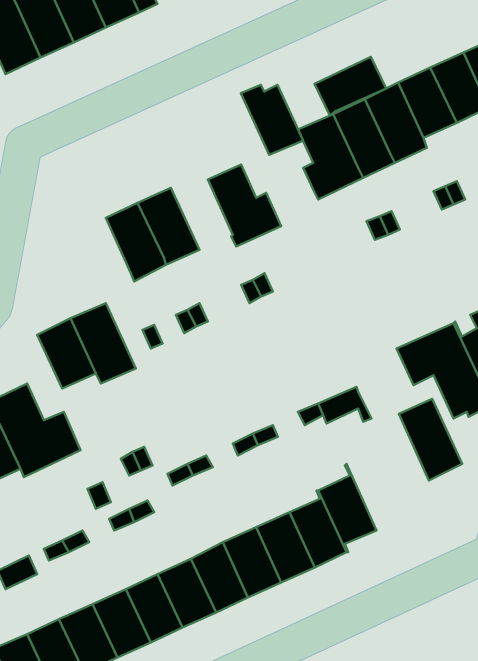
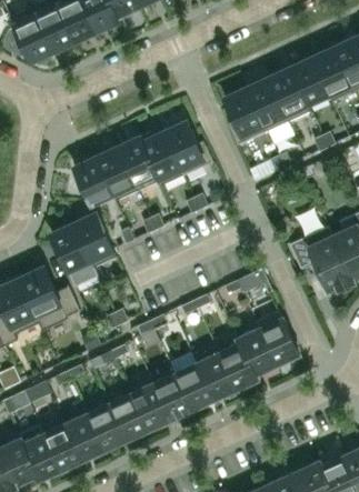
building: [314,57,386,115] -> none
building: [241,85,303,155] -> [139,132,180,179]
building: none -> [73,158,112,204]
building: [399,399,462,481] -> [256,311,298,365]

